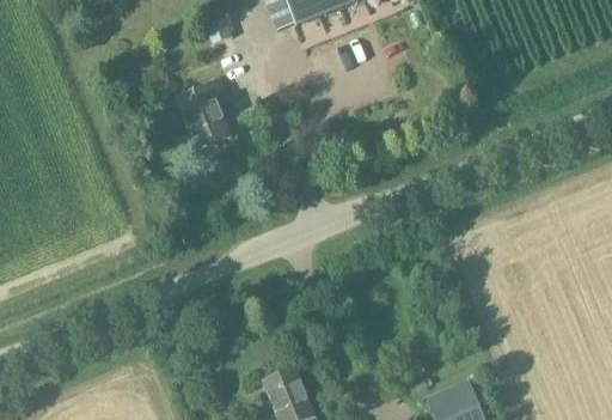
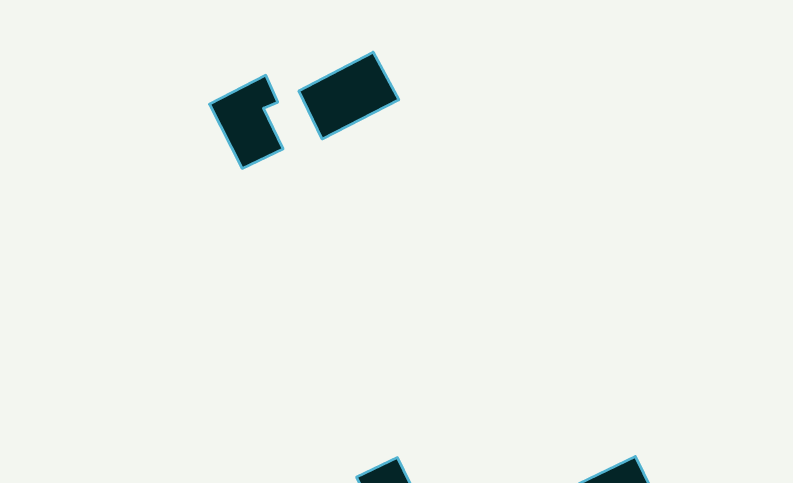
building: none -> [299,52,399,139]

